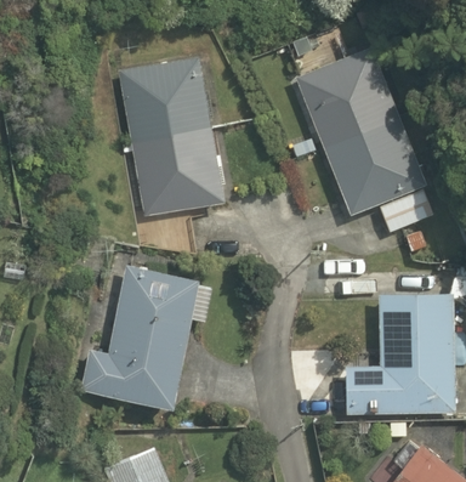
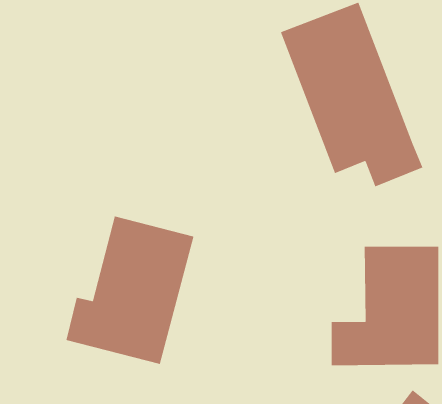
building: [121,57,231,219] -> none

